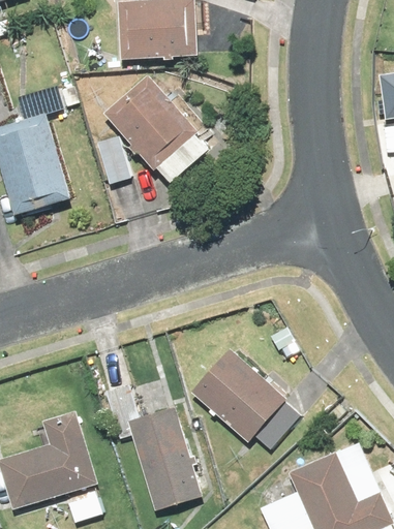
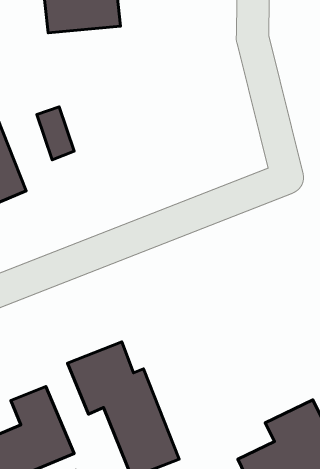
building: [102,75,209,182] -> none
building: [189,343,298,447] -> none

